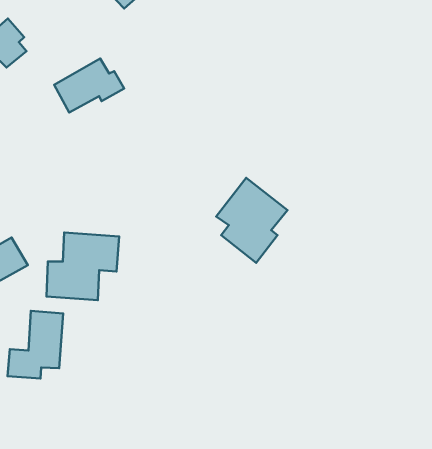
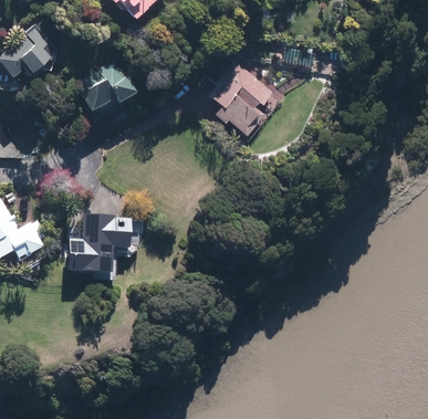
building: [216,178,288,263] -> [210,62,273,137]
building: [7,311,63,378] -> none

